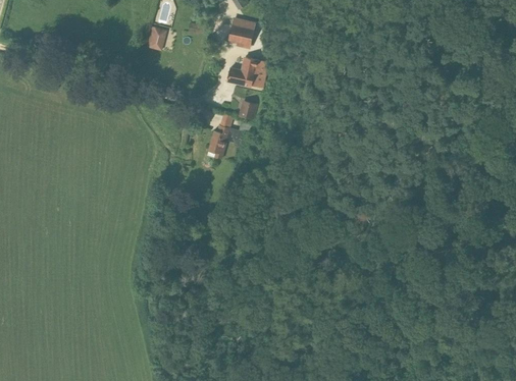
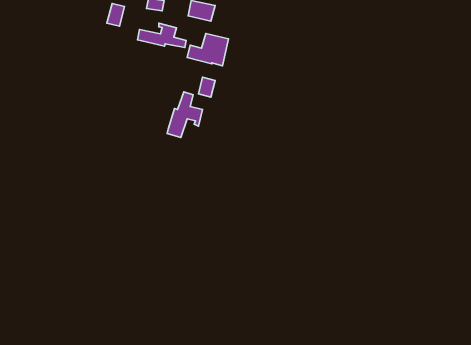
building: none -> [137,23,186,48]

